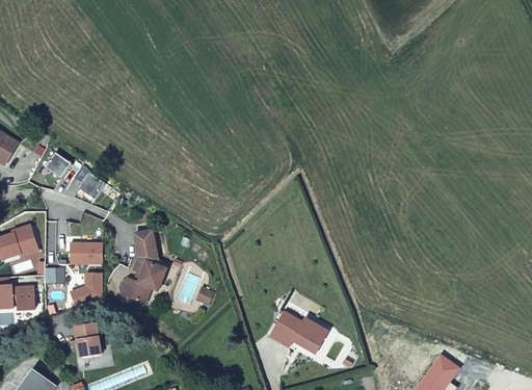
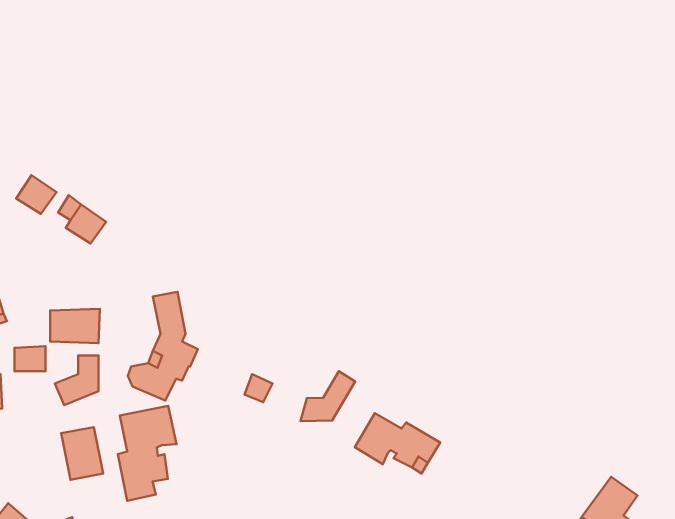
building: none -> [300,371,355,421]
building: none -> [118,406,176,501]

